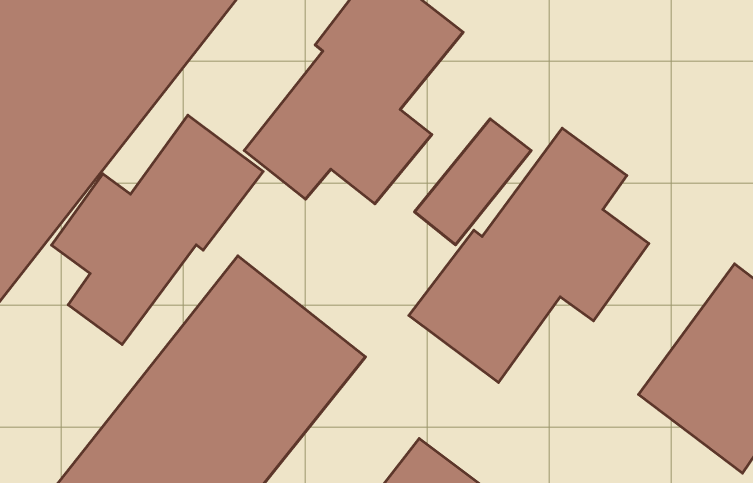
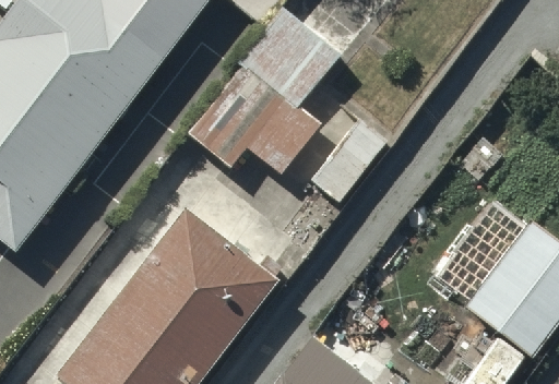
building: [51,115,263,345] -> none
building: [409,128,649,383] -> none

